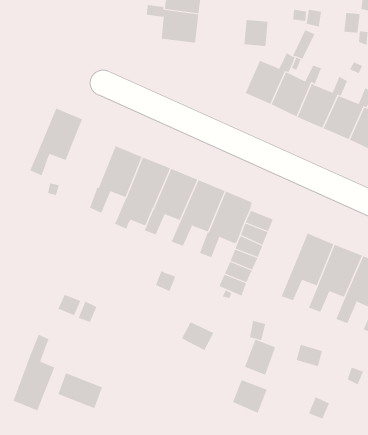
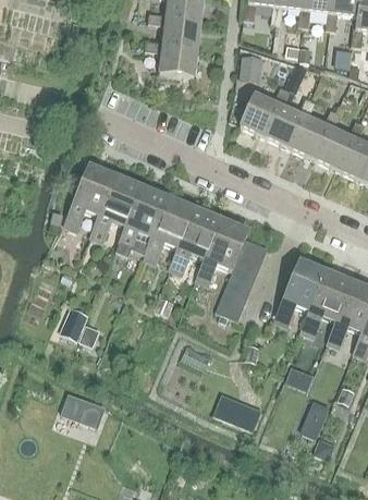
building: [30,108,83,176] -> [65,163,116,229]
building: [13,334,55,411] -> none
building: [244,339,276,376] -> none

